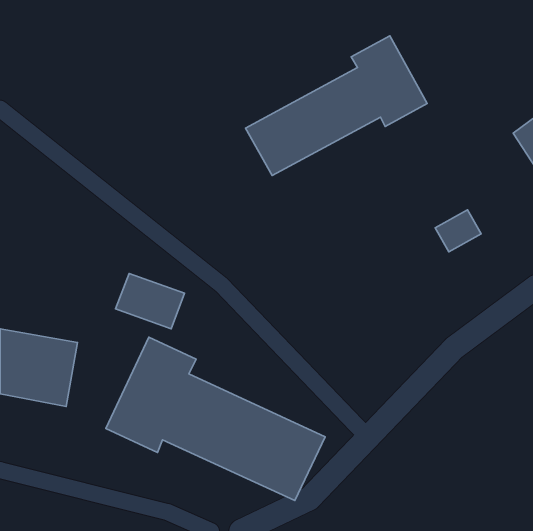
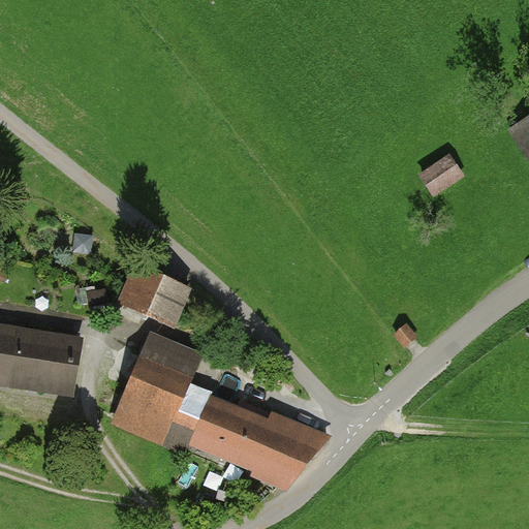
building: [246,36,427,176] -> none
building: [435,210,481,252] -> [417,154,463,195]

